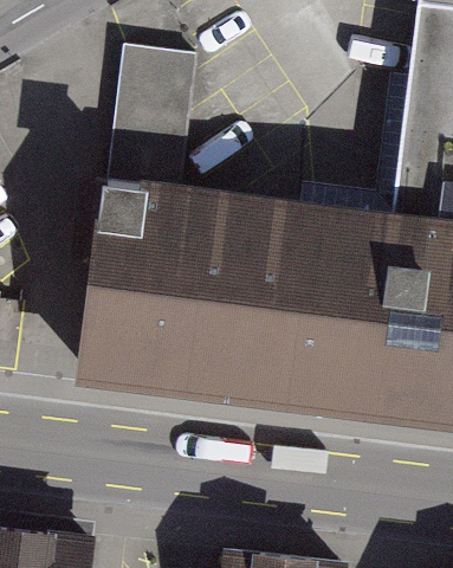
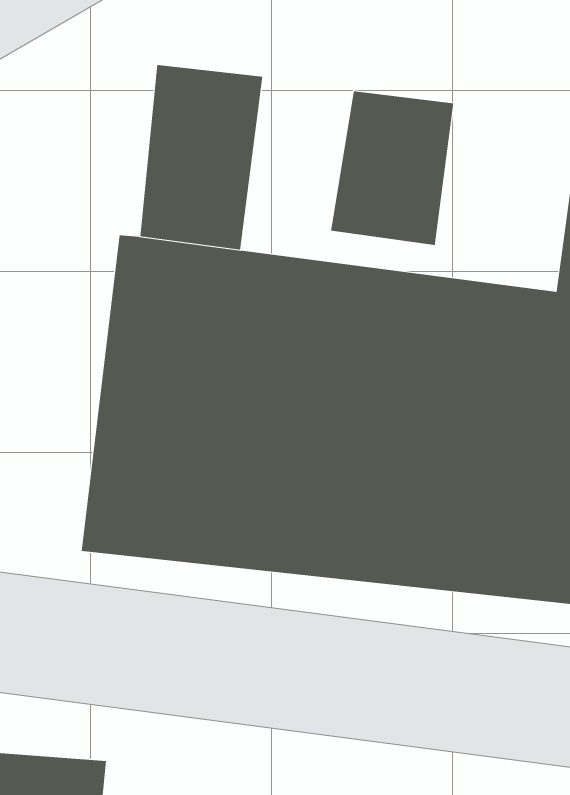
building: none -> [331,90,454,246]

